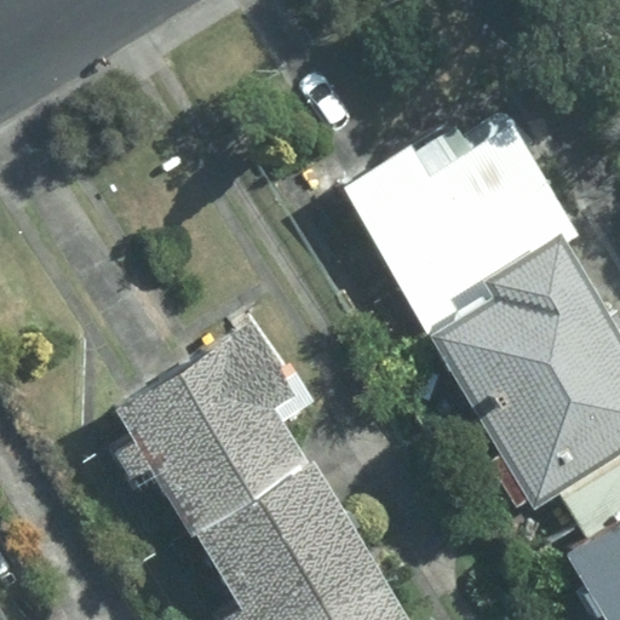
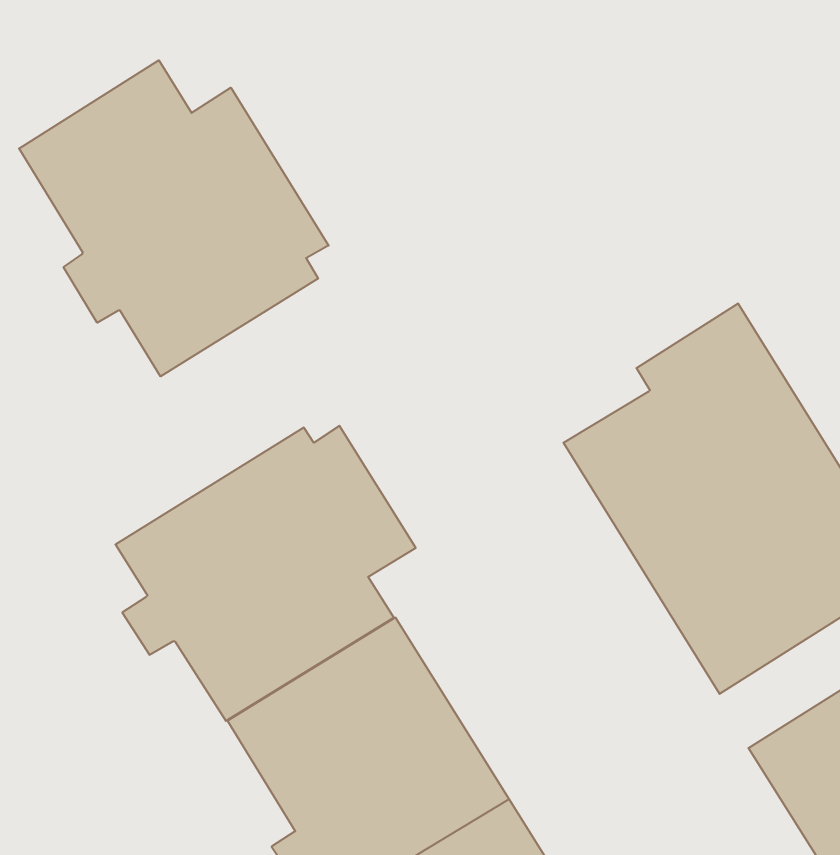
building: none -> [19,60,329,376]
building: [329,120,578,325] -> none

